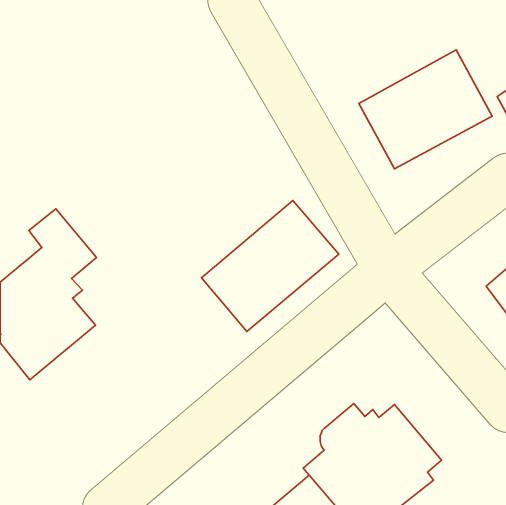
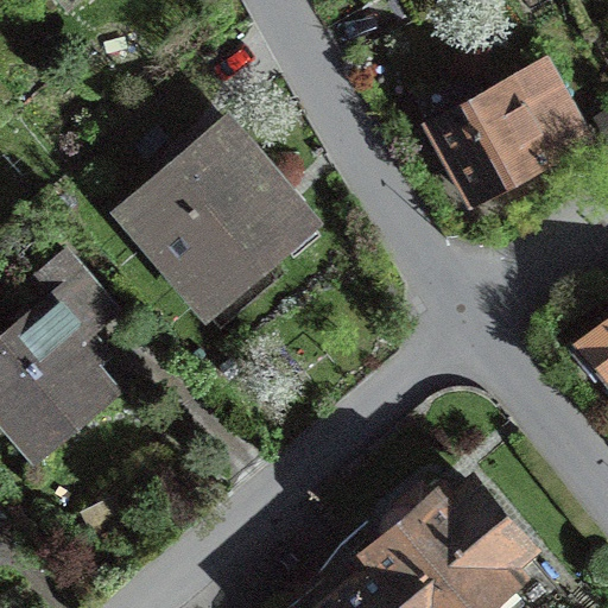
building: none -> [127,131,296,296]
building: [202,200,339,331] -> none

